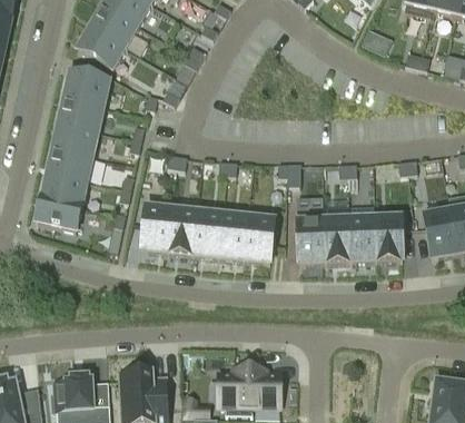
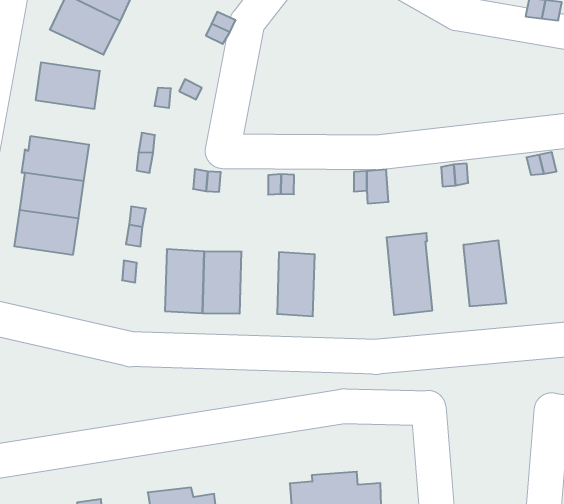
building: [58,97,103,130] -> none
building: [36,196,81,230] -> none
building: [192,212,222,256] -> none
building: [324,213,350,262] -> none
building: [243,217,274,262] -> none
building: [374,217,403,260] -> none

